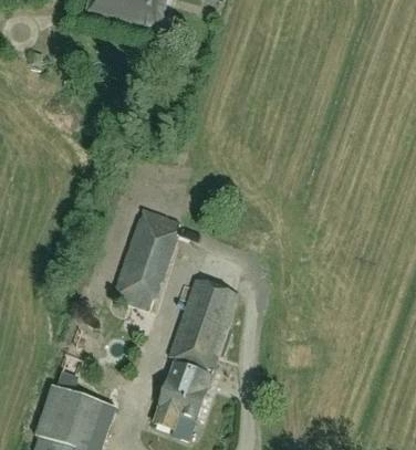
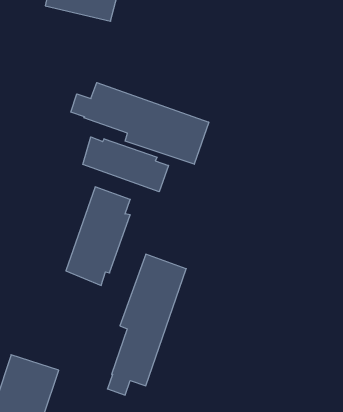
building: none -> [71,83,209,164]
building: none -> [83,137,168,192]

